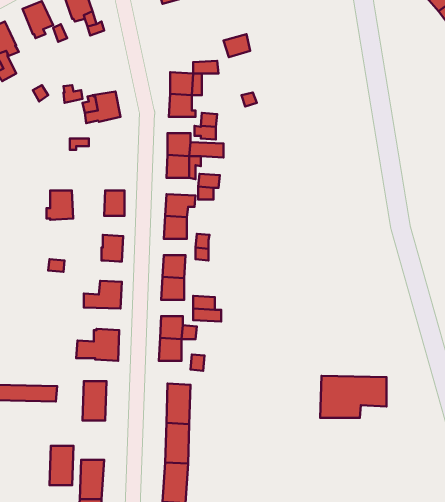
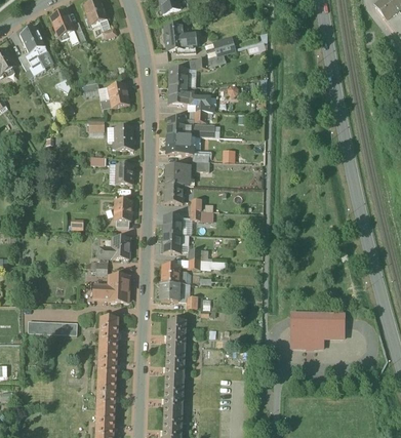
building: none -> [164,25,196,52]
building: [46,191,73,220] -> [112,126,133,150]
building: [49,446,74,485] -> [97,349,117,381]

